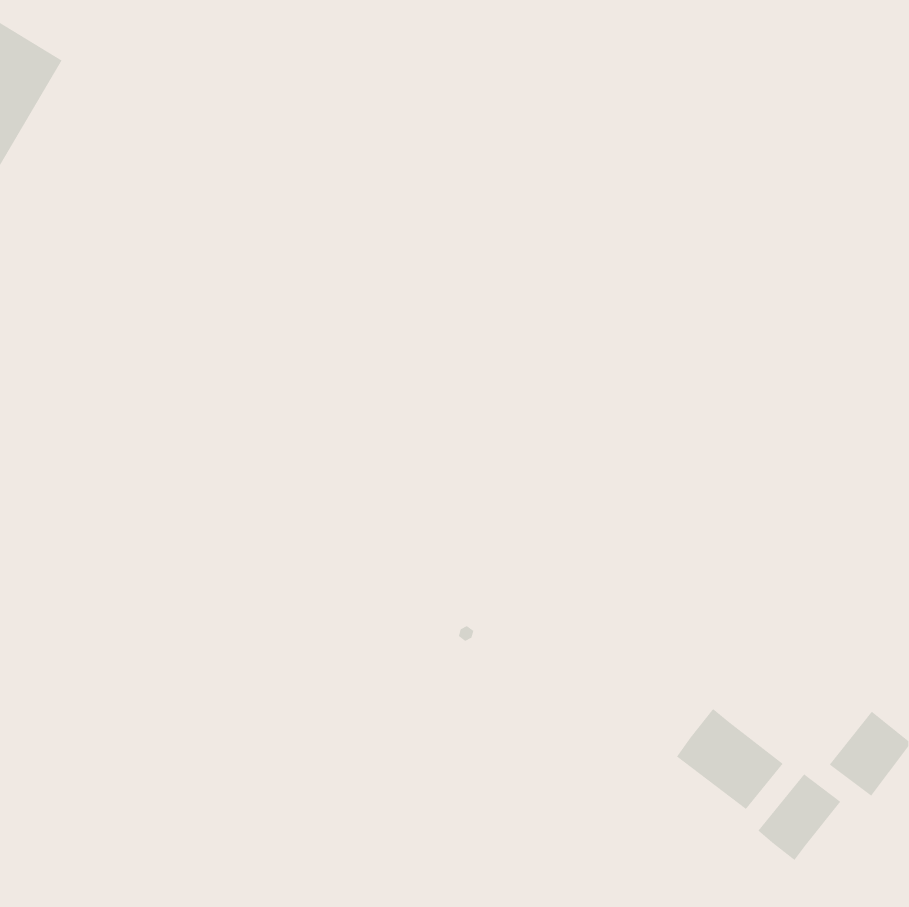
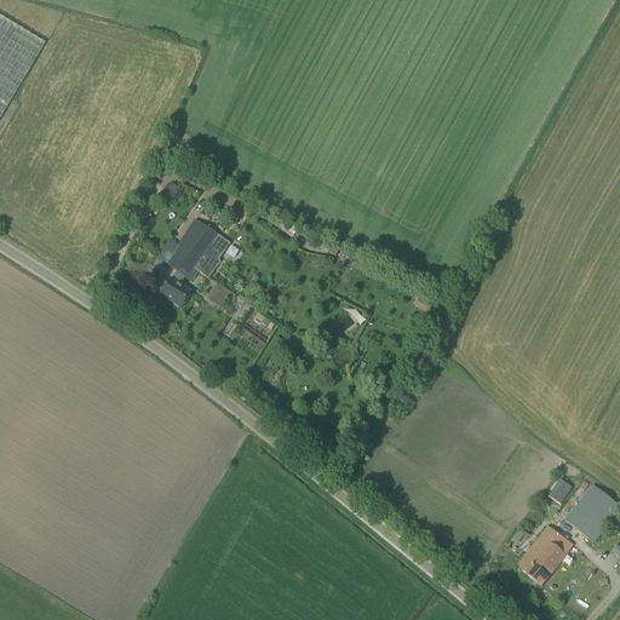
building: none -> [160,218,229,306]
building: [676,708,783,810] -> none

